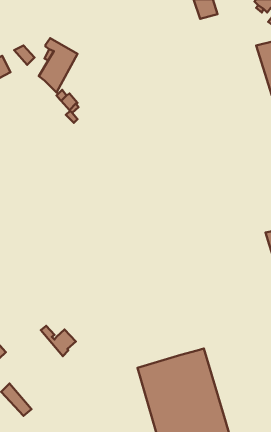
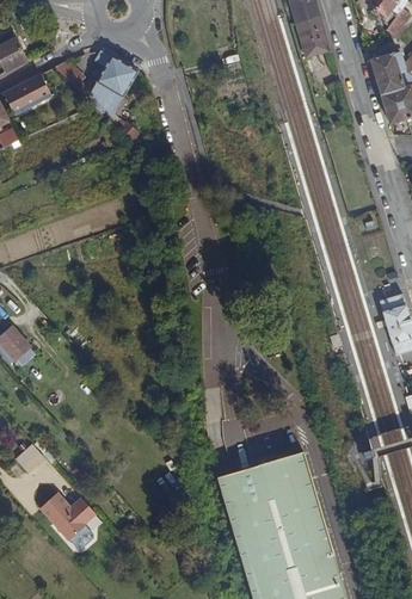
building: none -> [297,19,330,58]
building: [41,326,76,356] -> [50,492,96,531]

